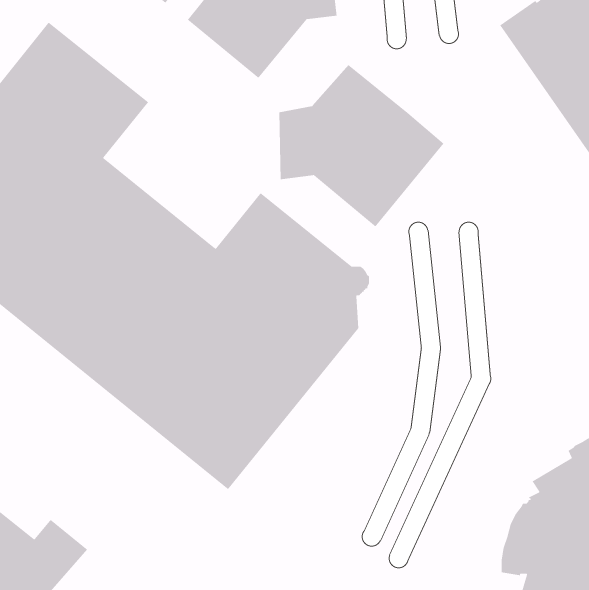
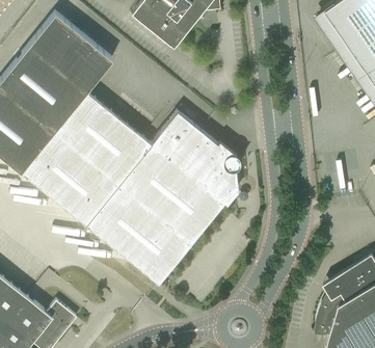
building: [278,64,445,227] -> none

